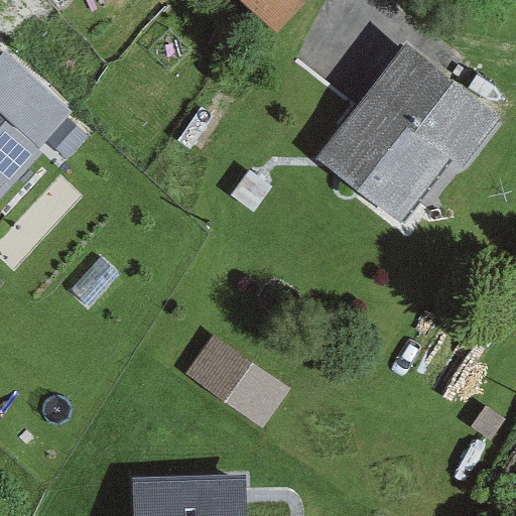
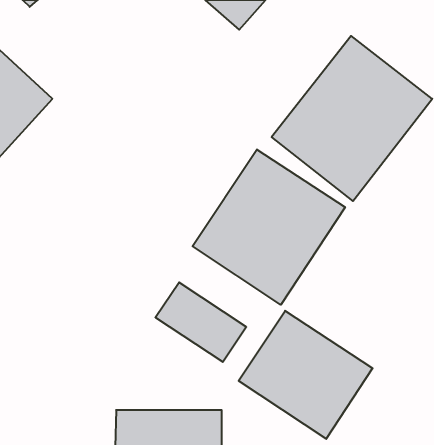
building: none -> [193,149,345,305]
building: none -> [239,311,373,439]

